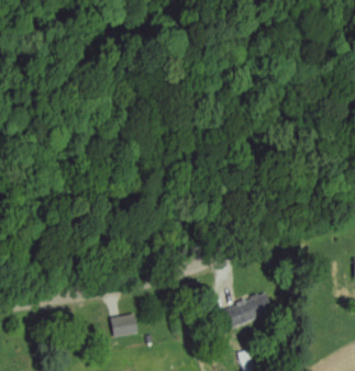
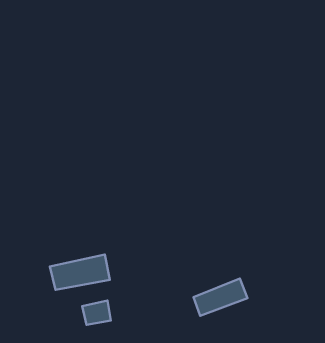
building: none -> [50,255,110,290]

